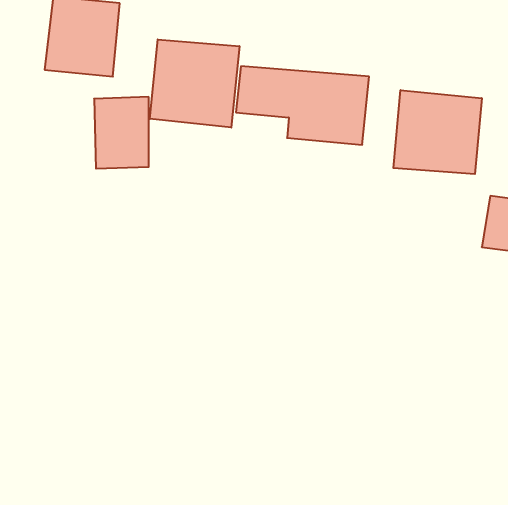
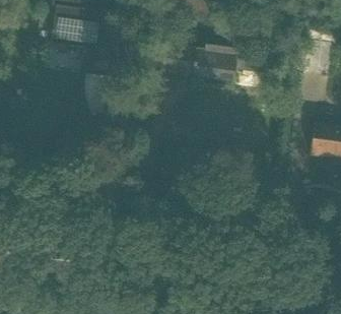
building: [150,39,239,128] -> none
building: [393,90,482,174] -> none

